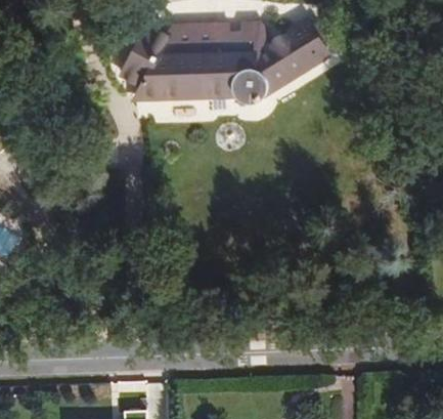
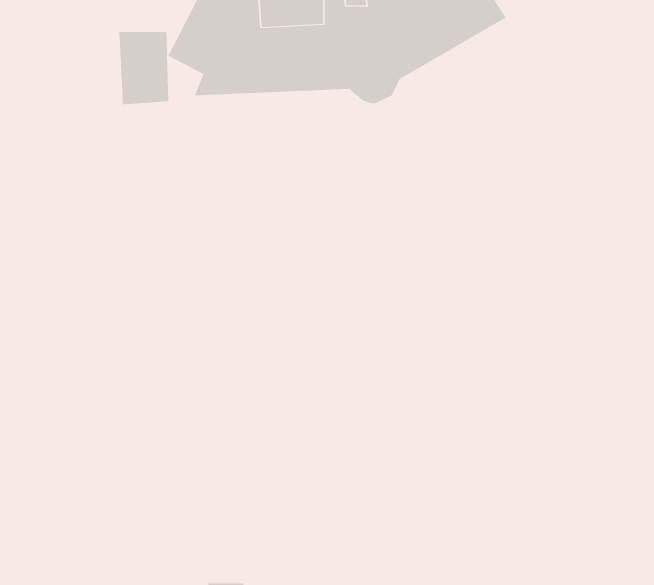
building: none -> [119,31,169,105]

